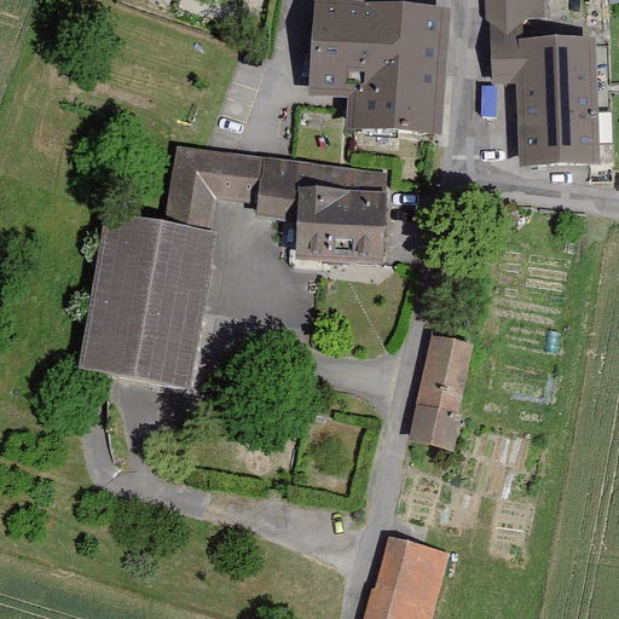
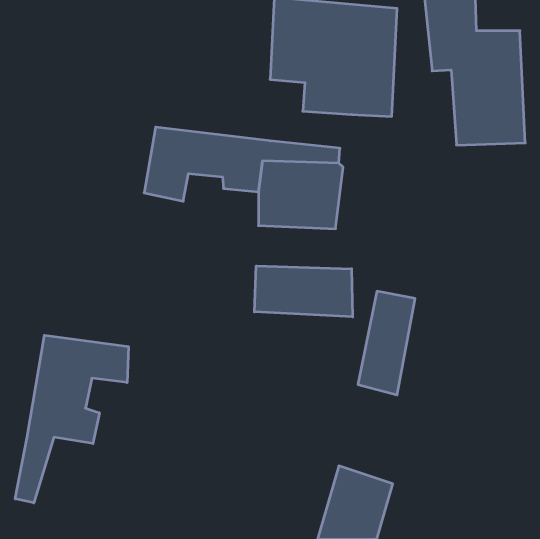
building: [76,210,216,389] -> none
building: none -> [254,266,353,317]
building: none -> [15,335,128,503]

